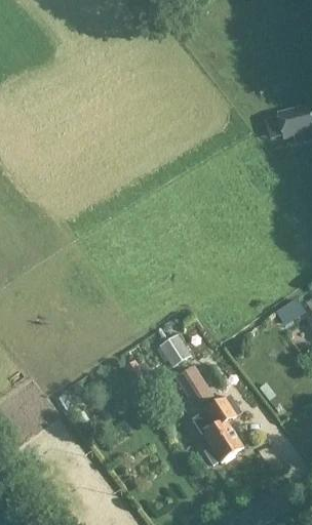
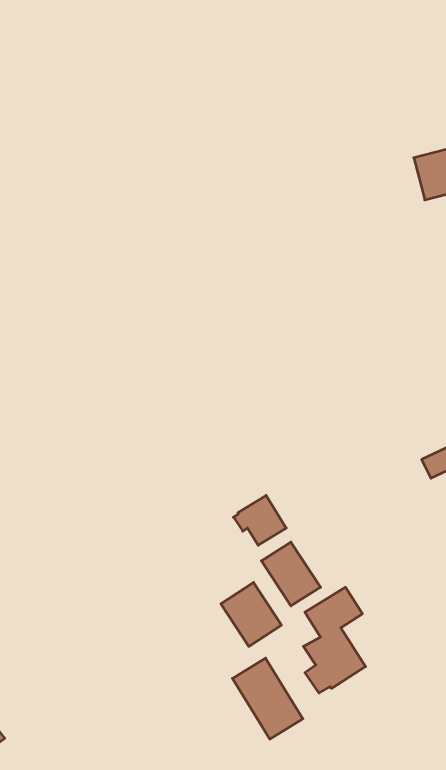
building: none -> [221,582,281,646]
building: none -> [232,658,303,739]

